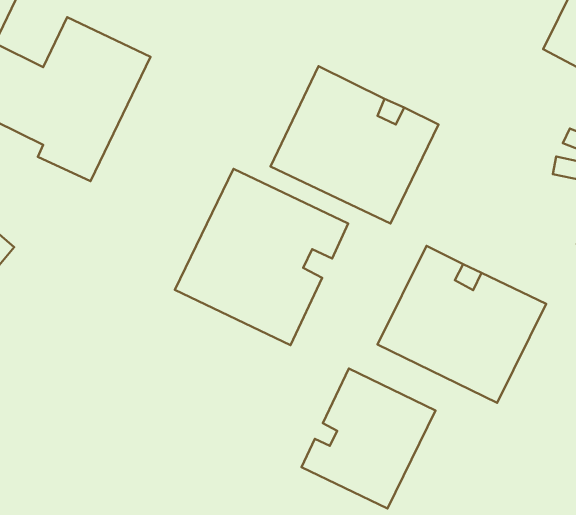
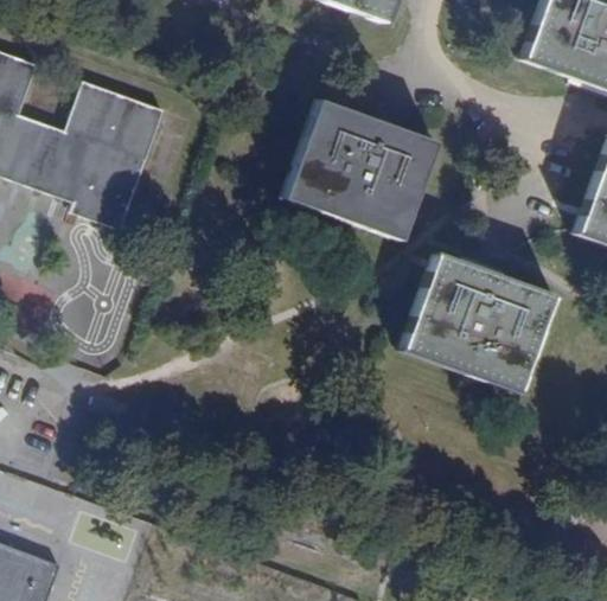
building: [175,169,348,345] -> none
building: [301,368,436,509] -> none

